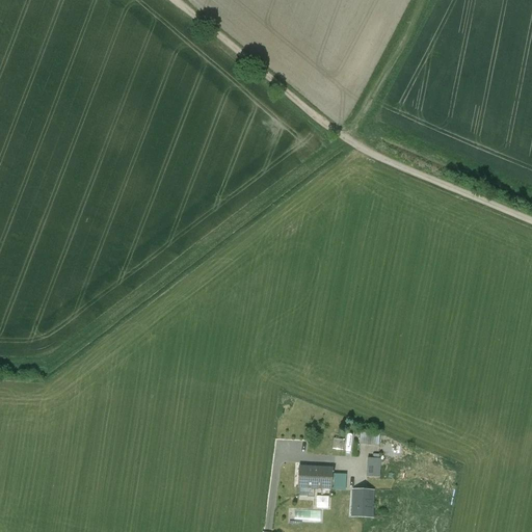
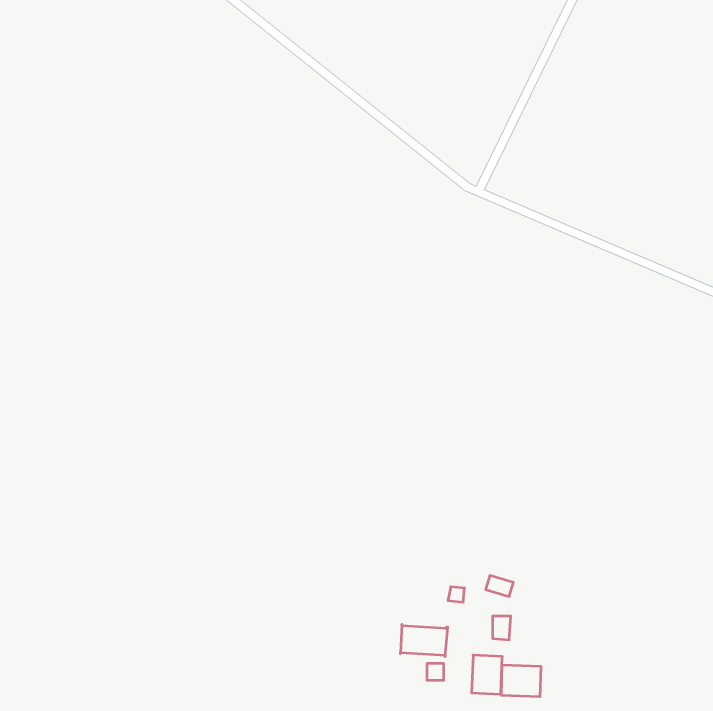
building: none -> [501,665,541,697]

